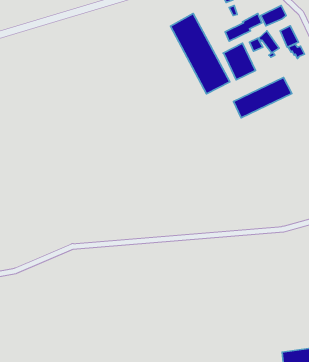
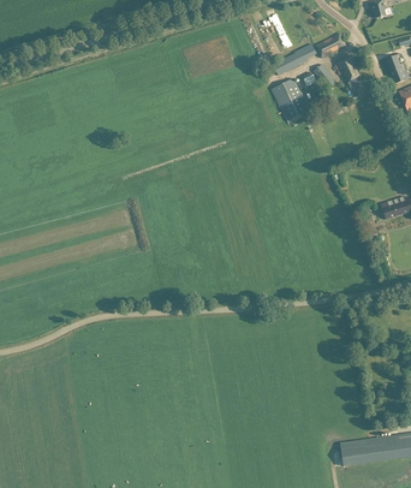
building: [171,13,230,94] -> none
building: [234,78,292,118] -> none

